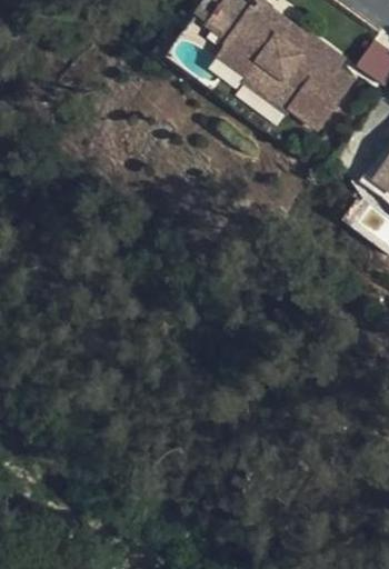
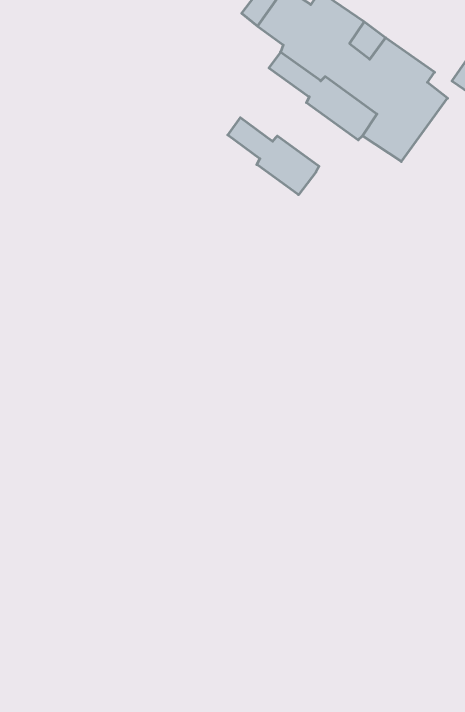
building: none -> [228,118,319,195]

